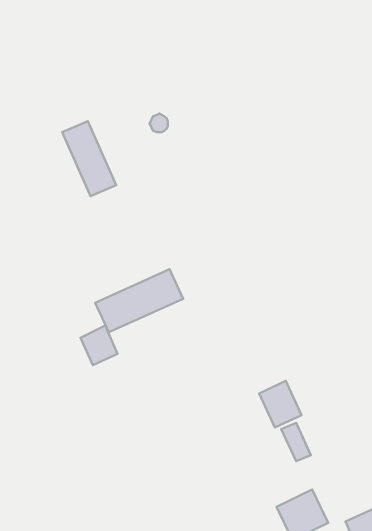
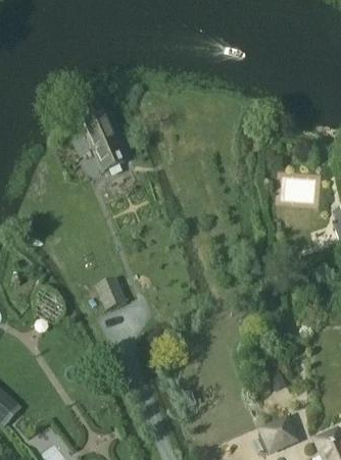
building: [95,269,183,332] -> none
building: [259,381,302,427] -> none

